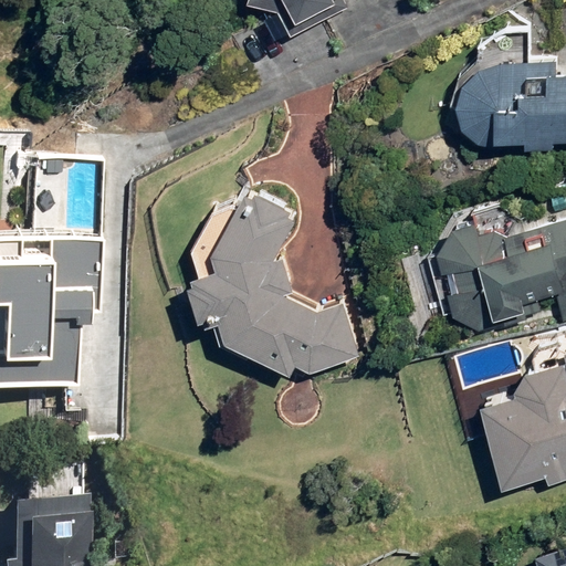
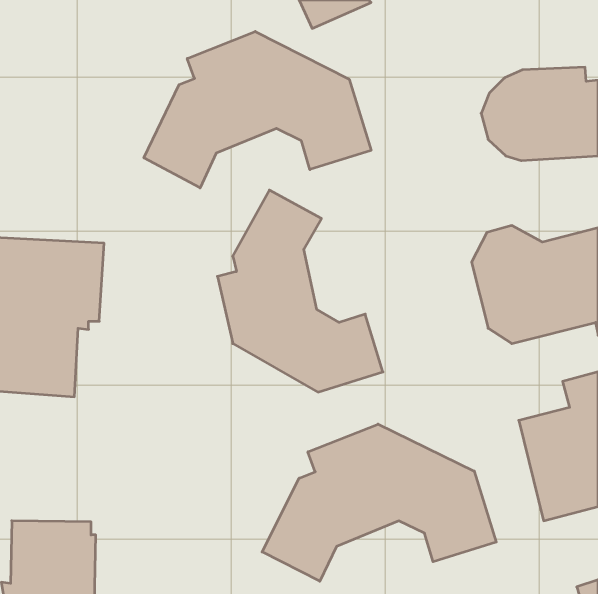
building: none -> [144,31,371,188]
building: none -> [262,424,496,581]

